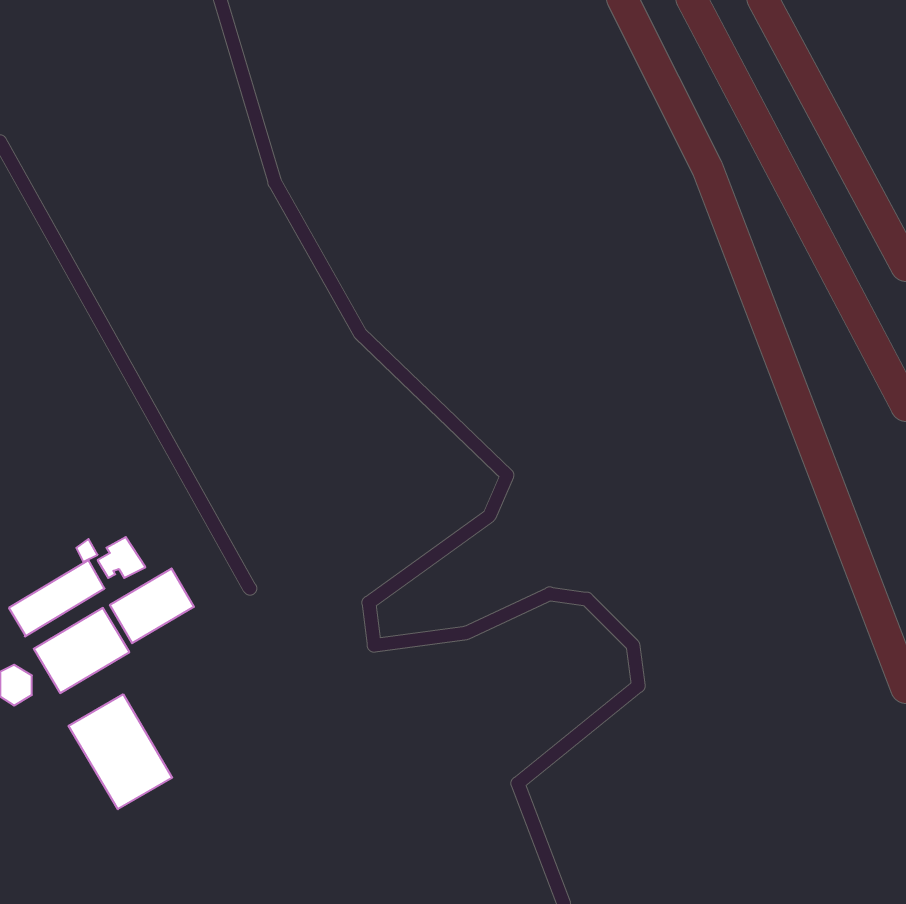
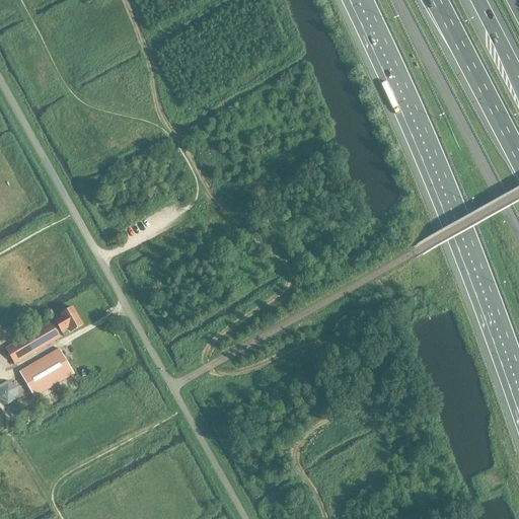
building: [110,568,194,643] -> none
building: [69,694,172,809] -> none

